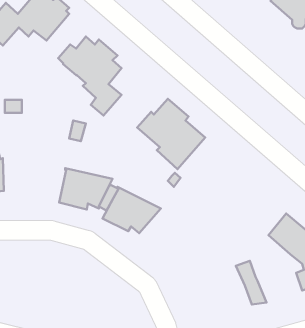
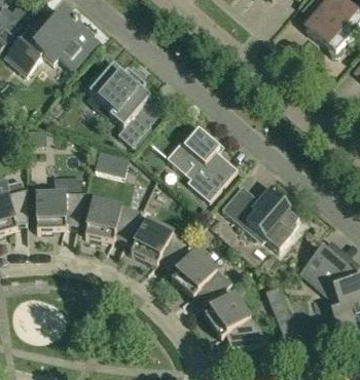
building: none -> [221,184,298,250]
building: none -> [34,193,84,230]
building: none -> [171,251,231,303]
building: none -> [204,292,268,347]

